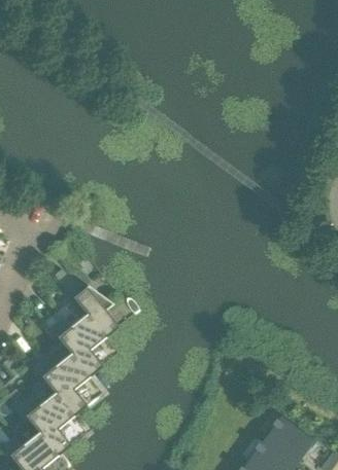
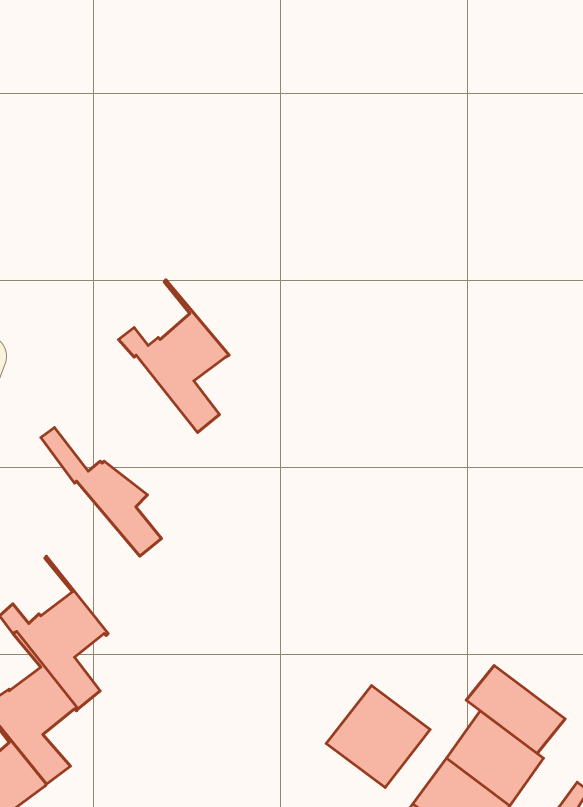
building: [48,297,106,376] -> [118,280,229,432]
building: none -> [466,666,565,753]
building: none -> [326,685,430,787]

